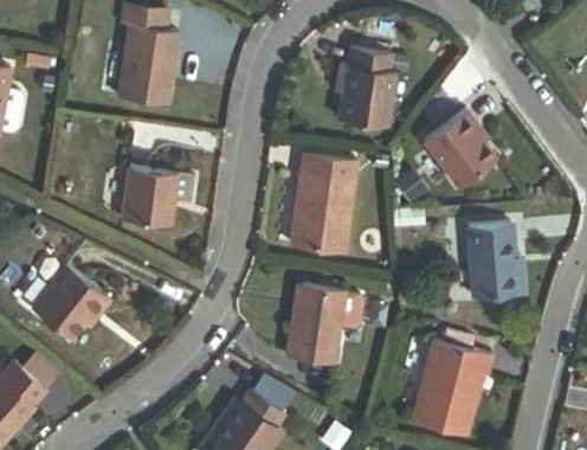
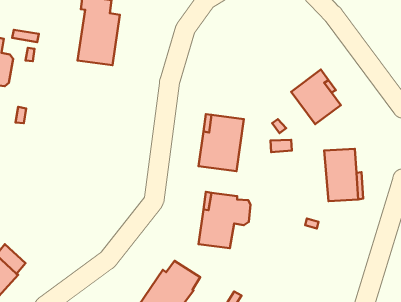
building: [336,49,396,126] -> none
building: [122,167,179,224] -> none
building: [32,264,111,340] -> none
building: [414,336,498,433] -> none

